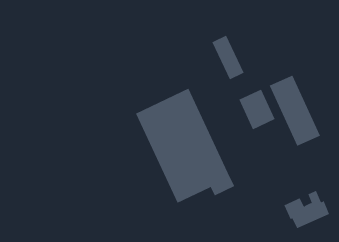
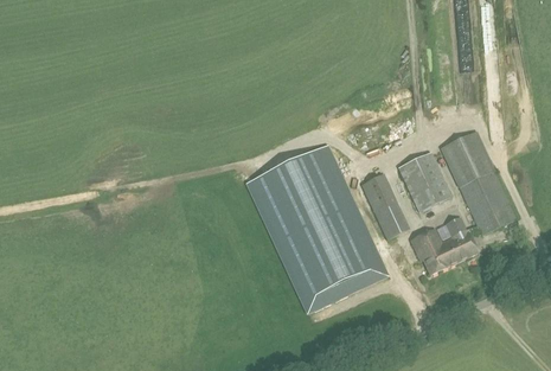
building: [212,35,245,80] -> [360,172,408,237]
building: [284,190,330,229] -> [410,216,476,271]

